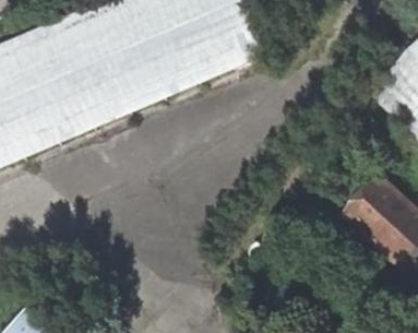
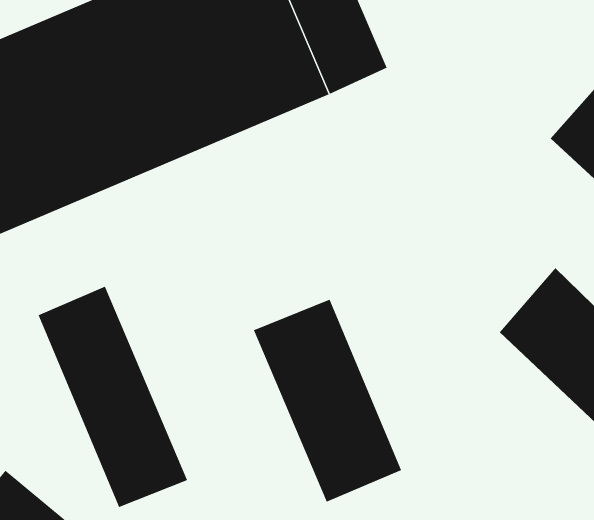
building: none -> [38,286,188,508]
building: none -> [253,299,402,503]

